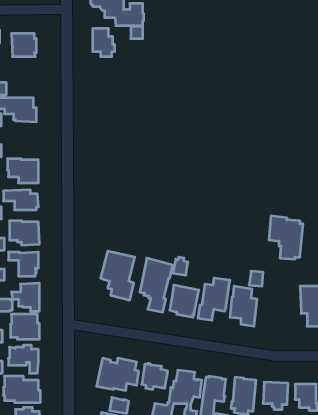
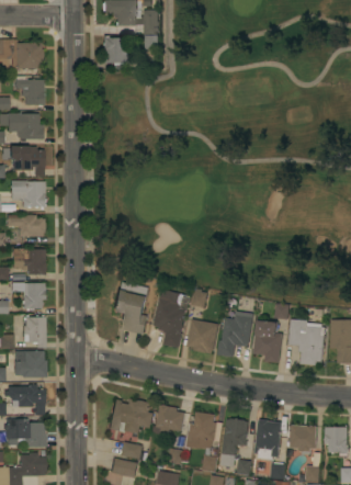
building: none -> [14,79,43,105]
building: none -> [9,146,44,176]
building: [269,216,303,259] -> [288,318,326,365]

